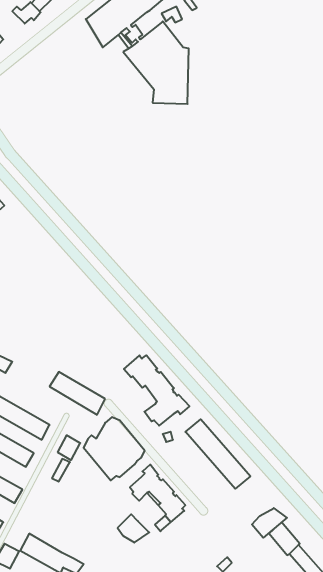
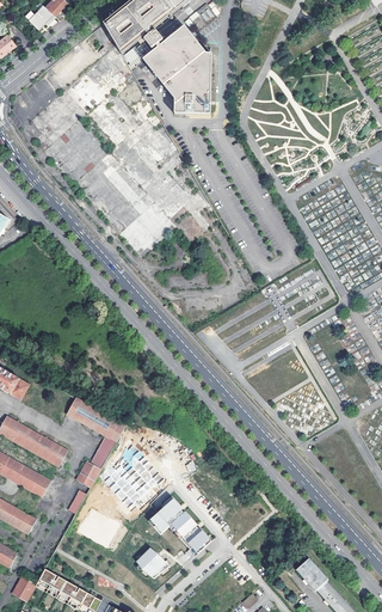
building: [124,355,189,426] -> none
building: [185,419,250,489] -> none
building: [252,508,287,538] -> none

